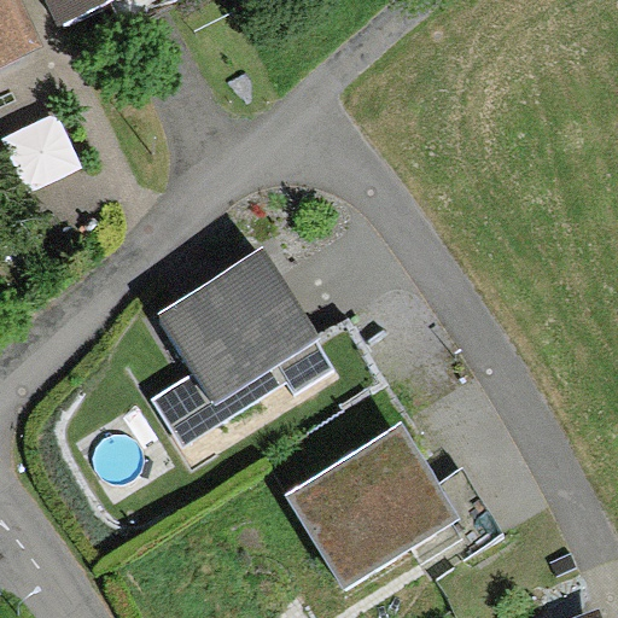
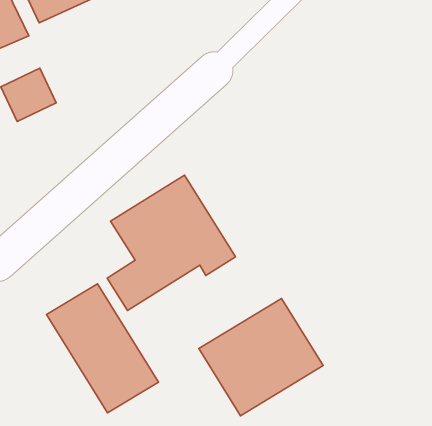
building: none -> [46,284,159,413]

